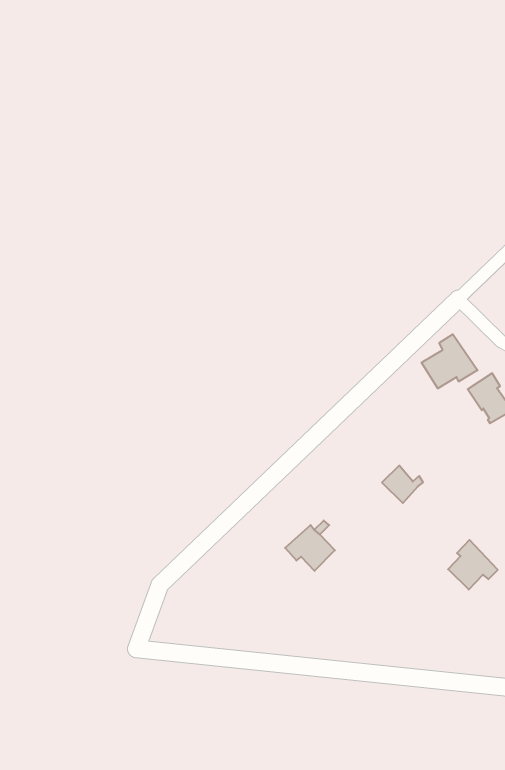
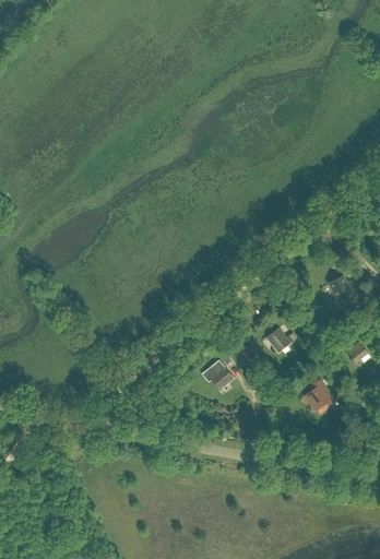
building: [422,334,478,389] -> none

